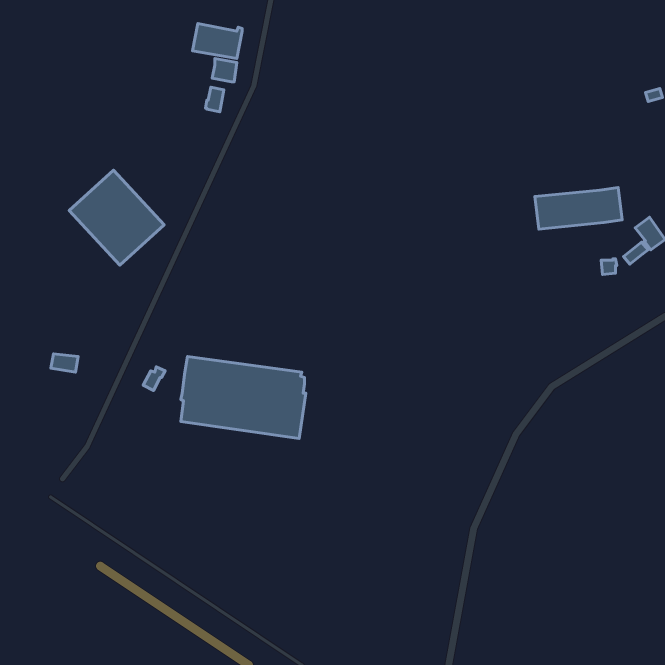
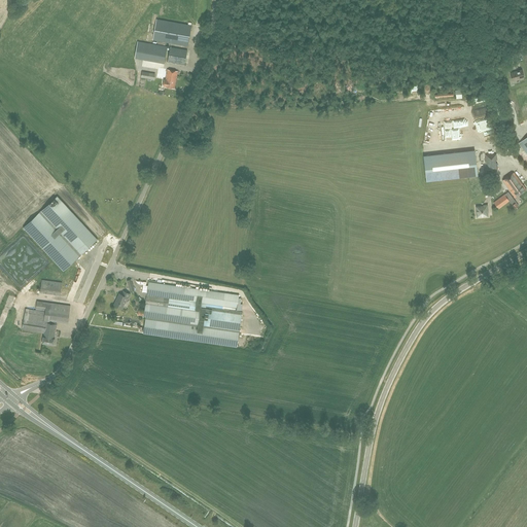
building: none -> [135,41,167,63]
building: [69,170,164,265] -> [23,196,98,271]
building: none -> [22,300,71,345]

